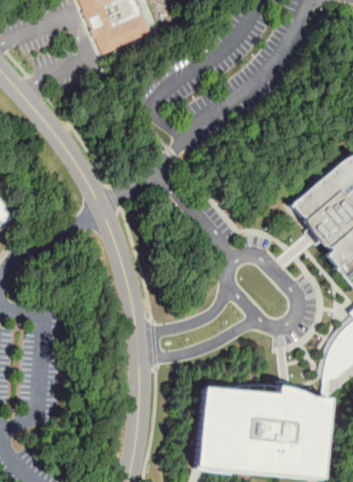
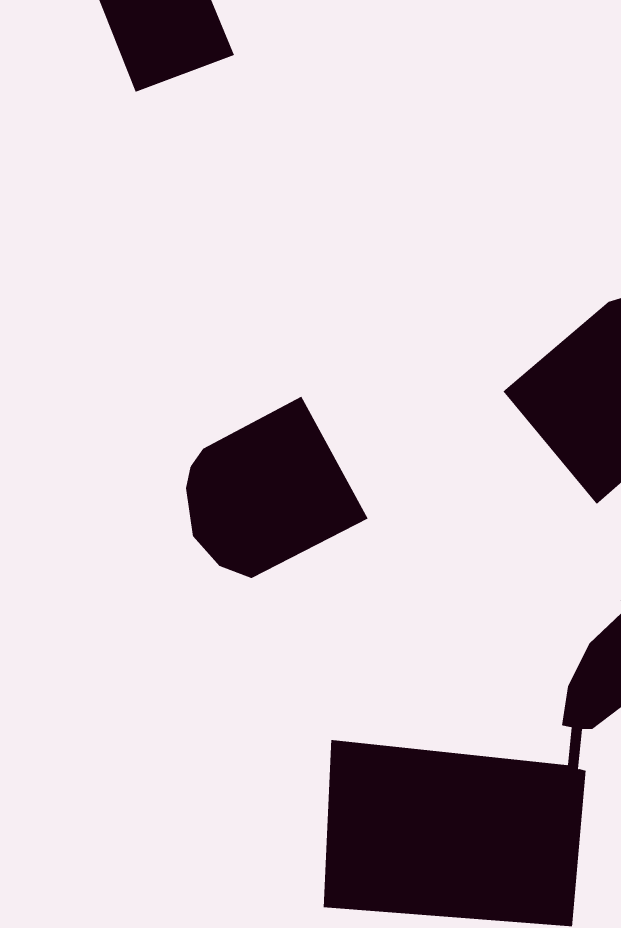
building: none -> [185,396,368,579]

